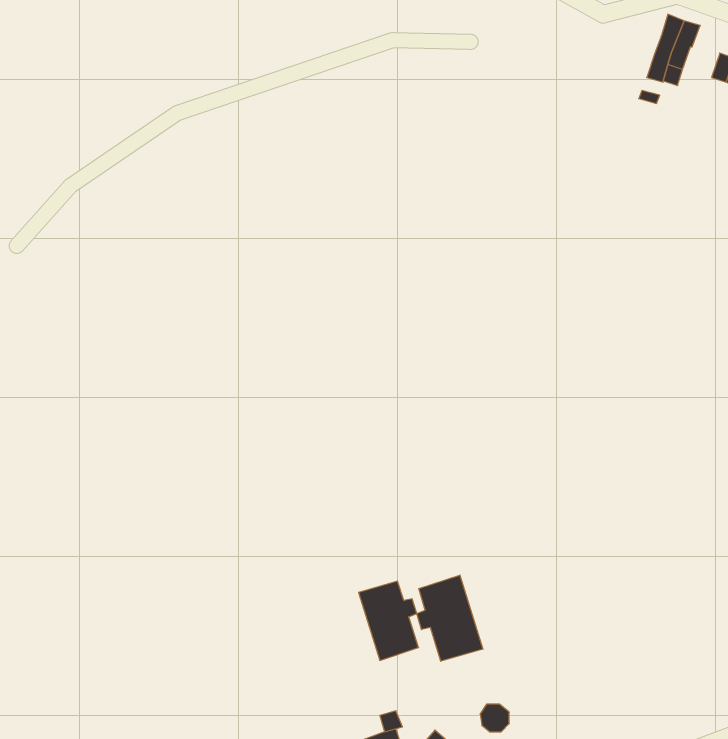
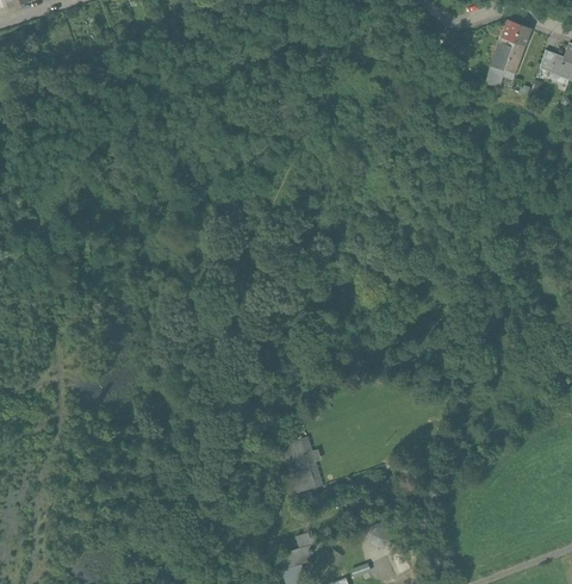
building: [417,575,483,661] -> none

